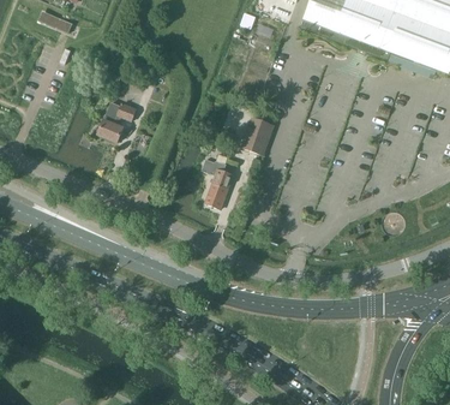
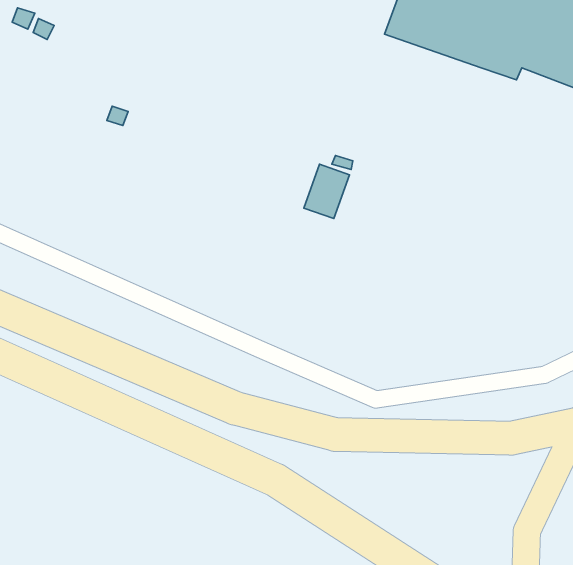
building: [97,102,136,142] -> none
building: [200,153,232,208] -> none

